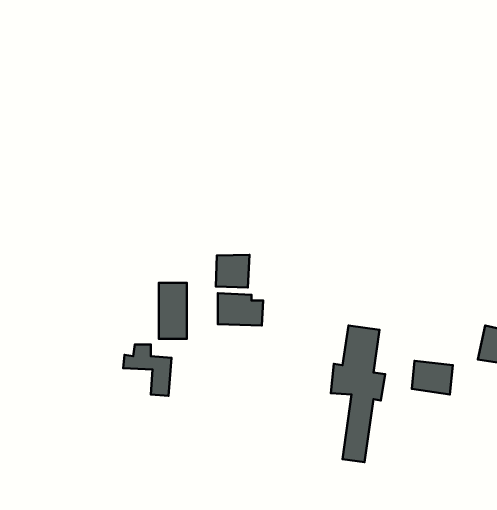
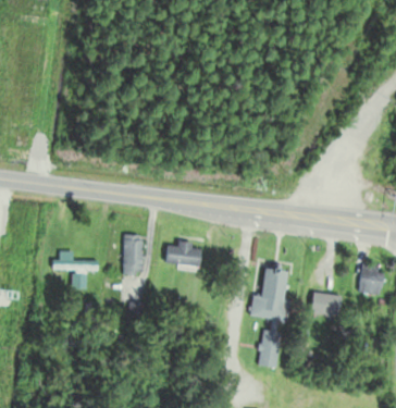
building: [216,255,249,288] -> none
building: [123,345,172,396] -> [52,251,88,289]

